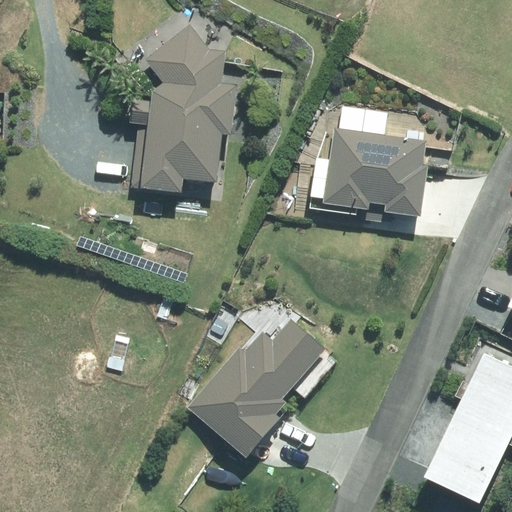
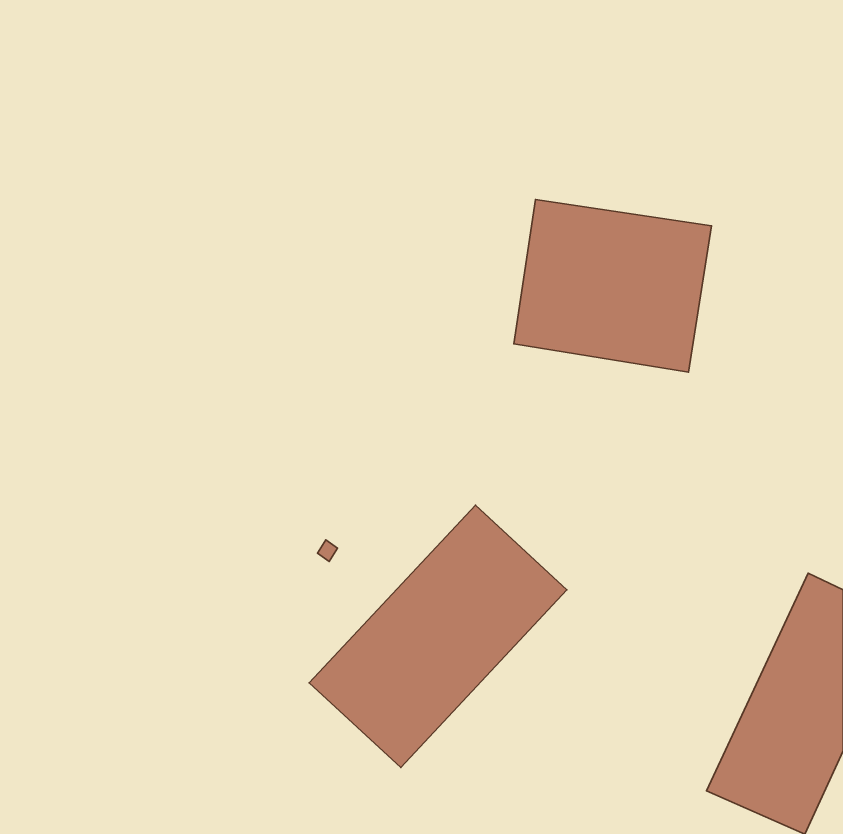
building: [129,21,236,193] -> none

